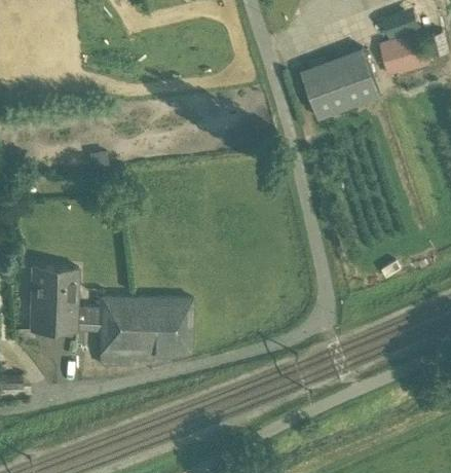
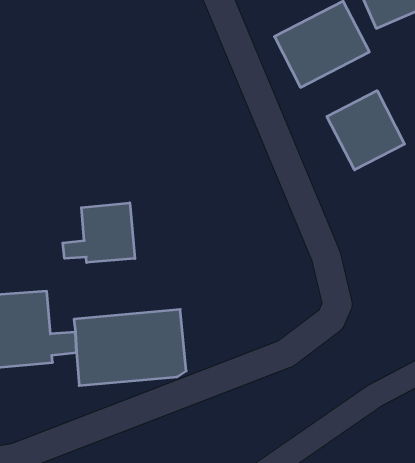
building: none -> [327,91,405,170]
building: none -> [63,203,135,263]

